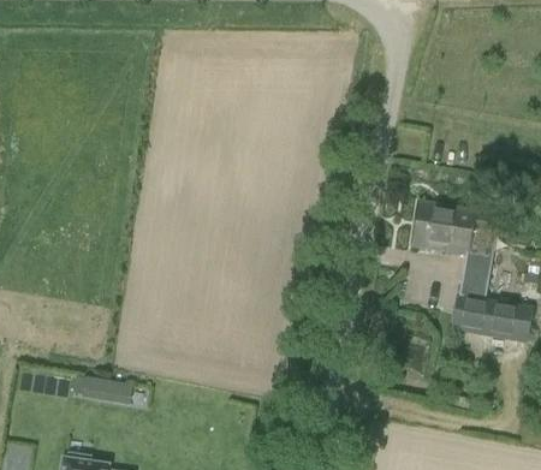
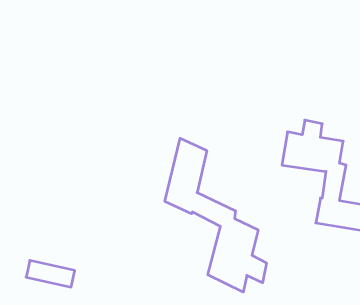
building: none -> [165,138,266,292]

